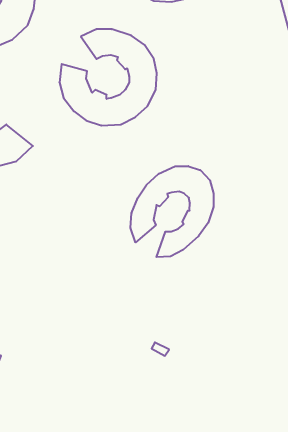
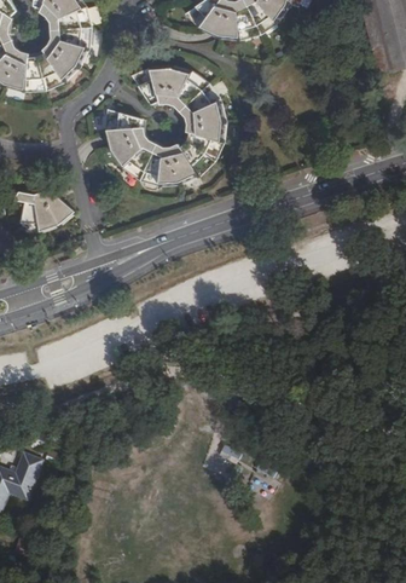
building: [131,166,214,257] -> none

